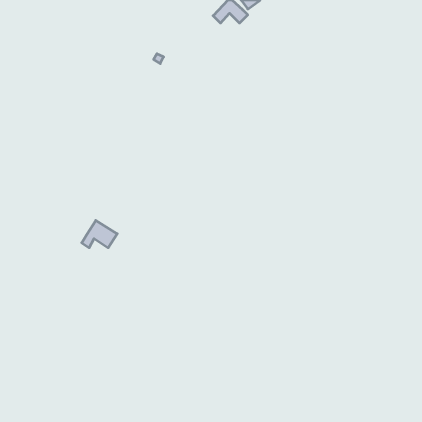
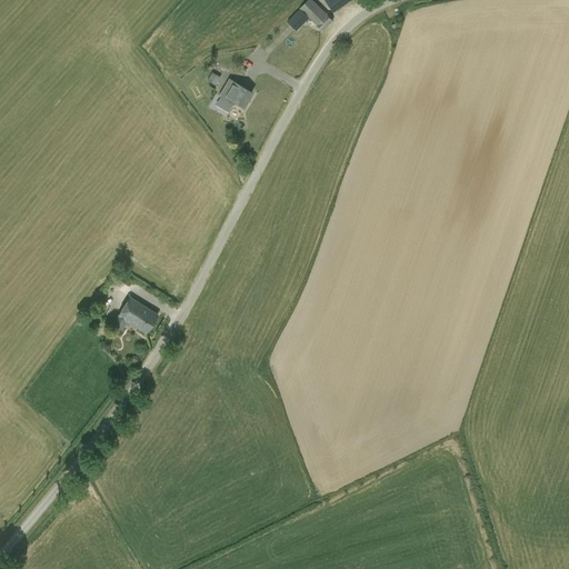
building: none -> [219,79,252,107]

